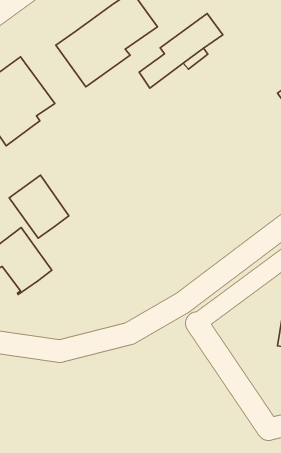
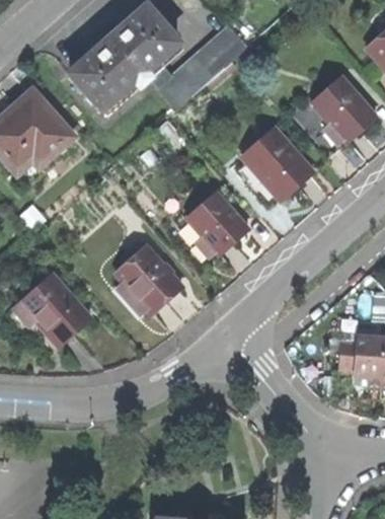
building: none -> [242,126,314,198]
building: none -> [186,190,248,251]
building: [9,175,69,238] -> [117,244,182,312]

